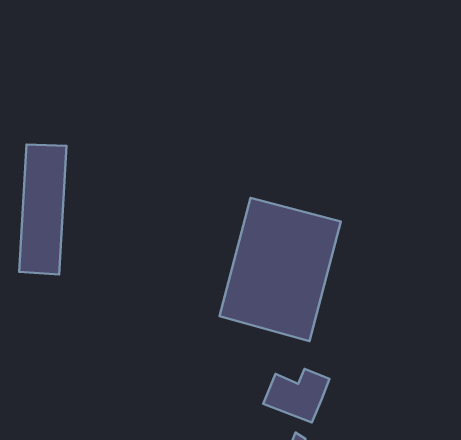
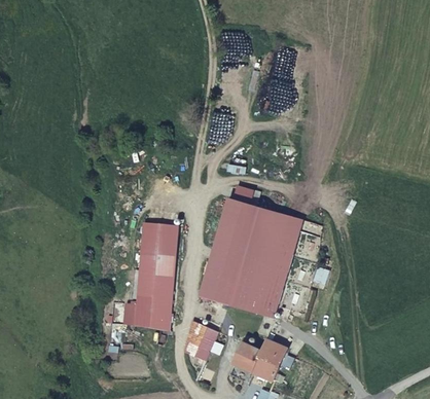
building: [19,145,67,274] -> [135,224,174,331]
building: none -> [196,322,220,362]

